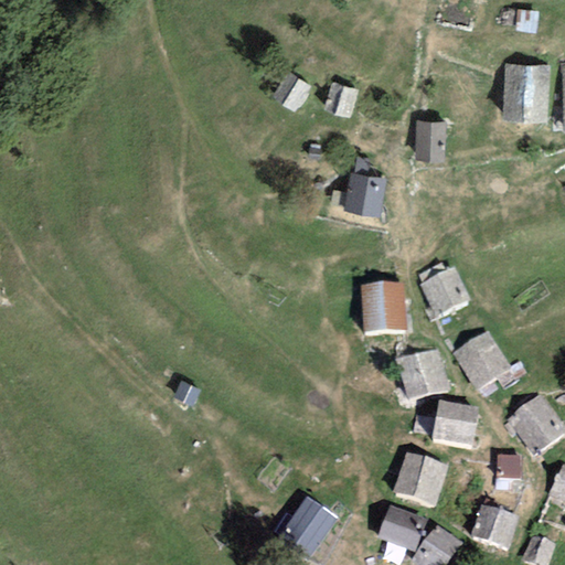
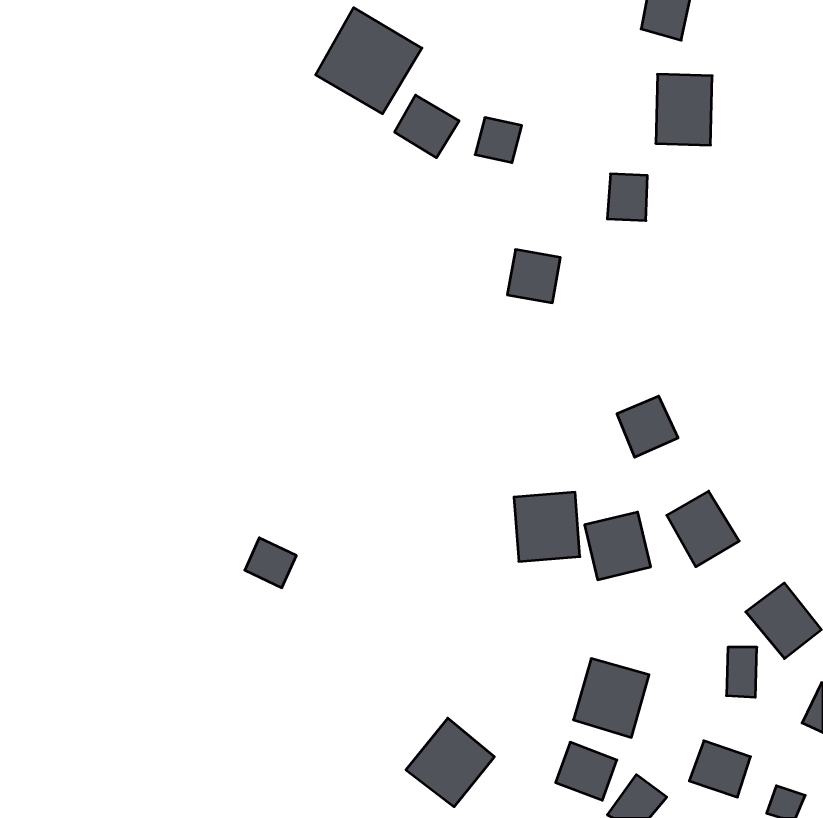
building: none -> [316,8,422,114]
building: [507,64,545,113] -> [656,74,712,145]
building: [361,280,406,328] -> [514,492,580,561]
building: [435,405,475,444] -> none

